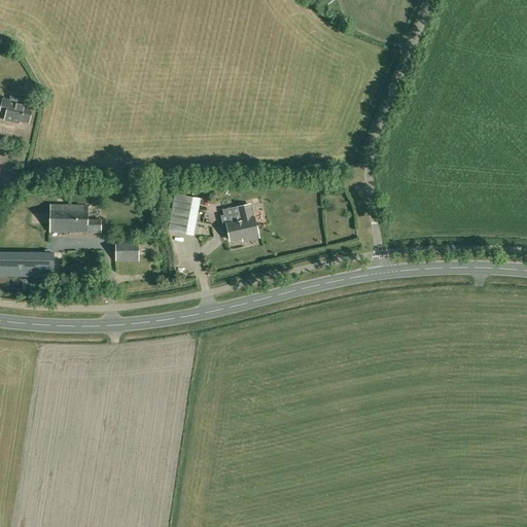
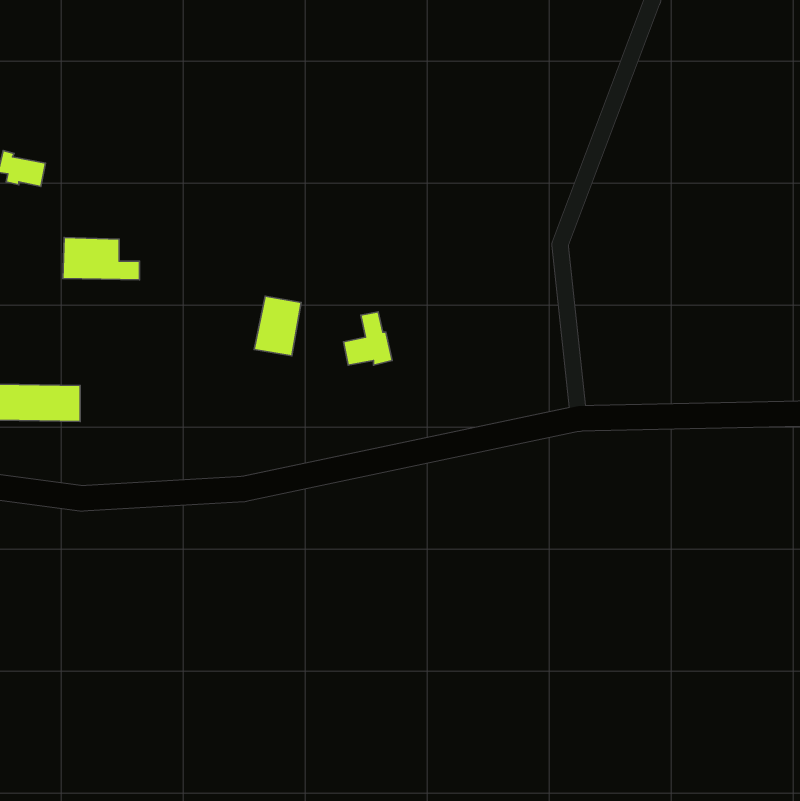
building: [49,205,100,233] -> [63,238,140,280]
building: [114,240,138,261] -> none

